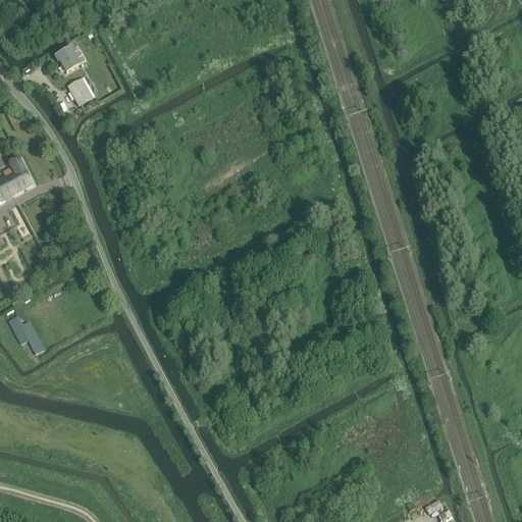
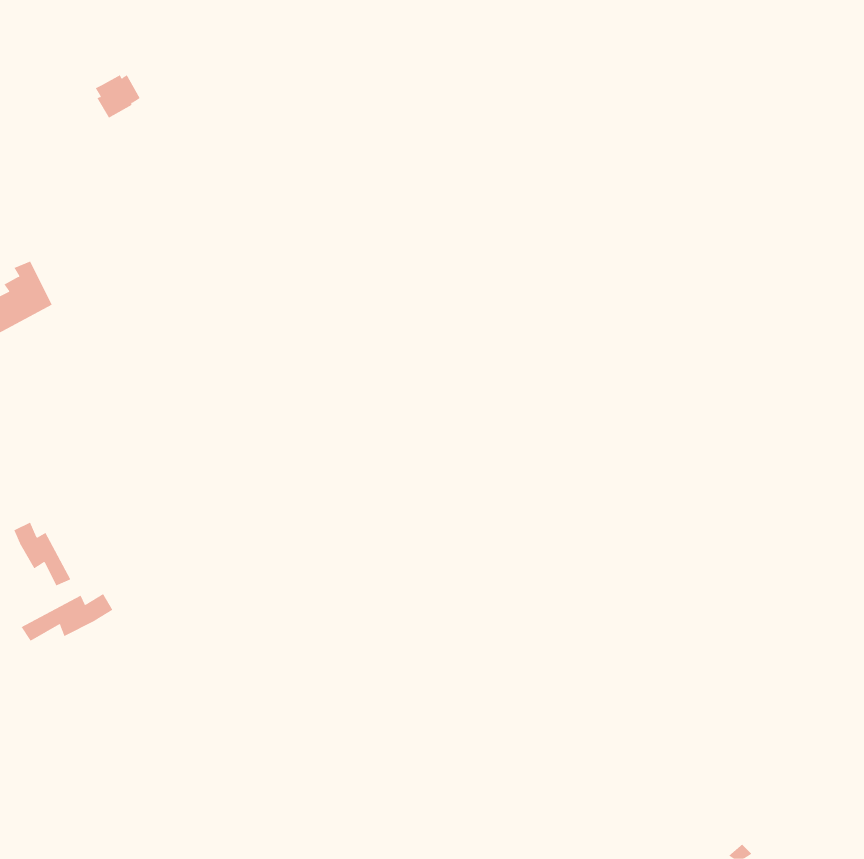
building: [67,76,94,105] -> none
building: none -> [21,593,113,641]

